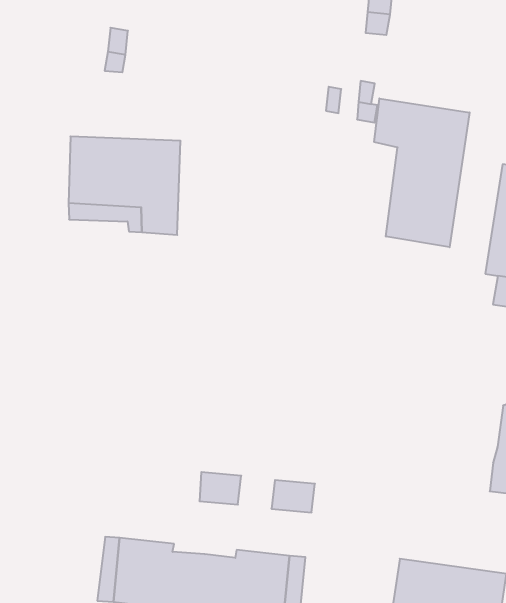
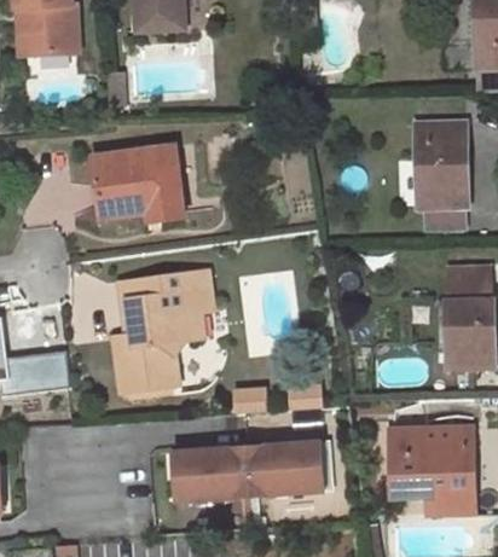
building: [374,98,470,247] -> none
building: none -> [114,268,212,393]

